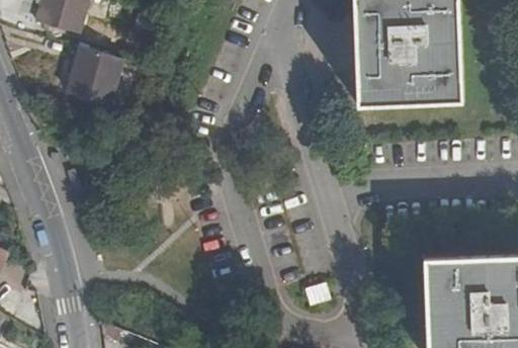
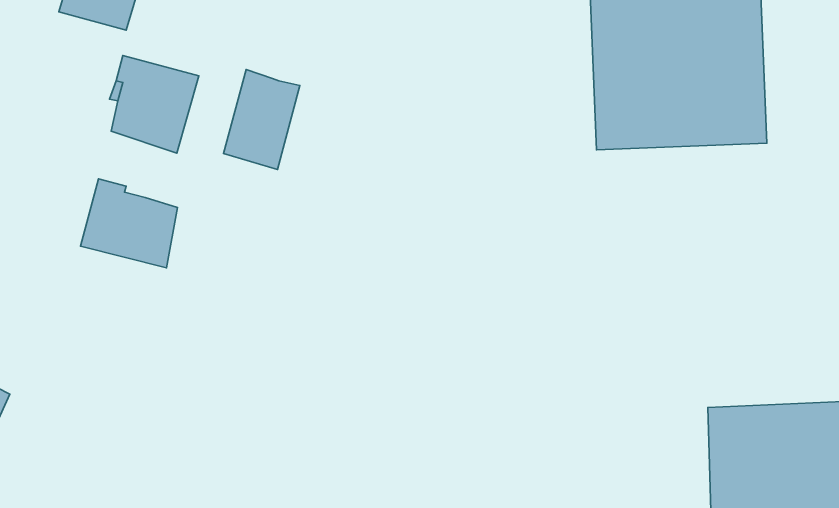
building: none -> [224,70,300,169]
building: none -> [81,179,178,268]

